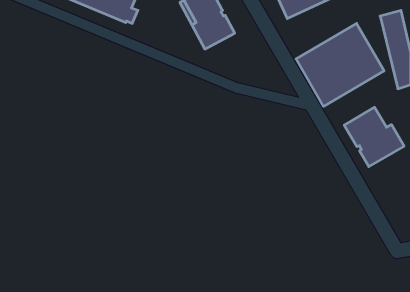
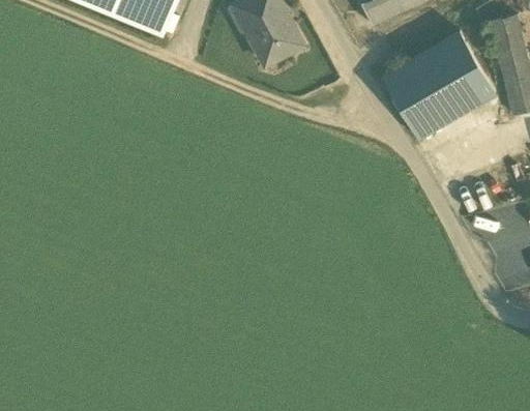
building: [344,107,404,167] -> none

